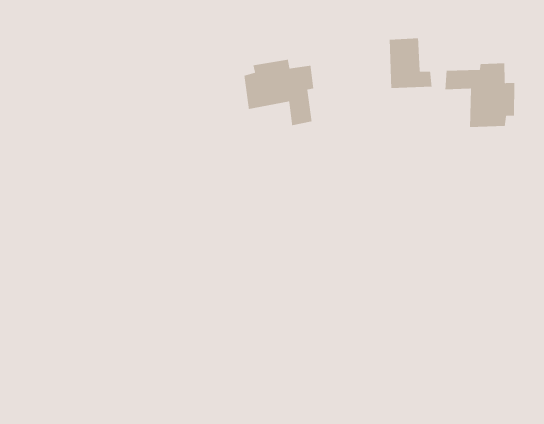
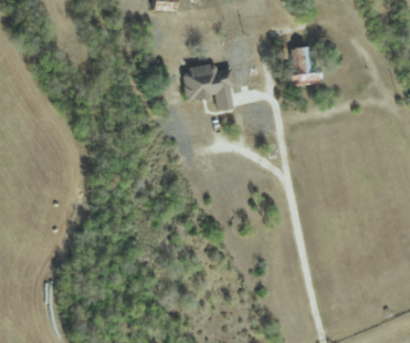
building: [445,62,515,128] -> none

